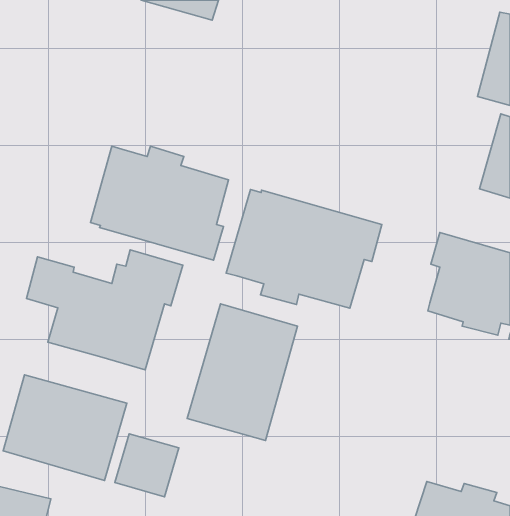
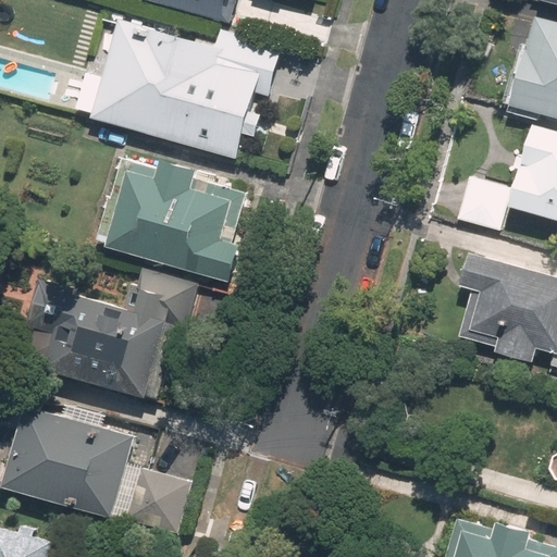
building: none -> [90,21,280,160]
building: none -> [454,178,508,232]
building: [226,190,382,308] -> none
building: [187,304,298,441] -> none

